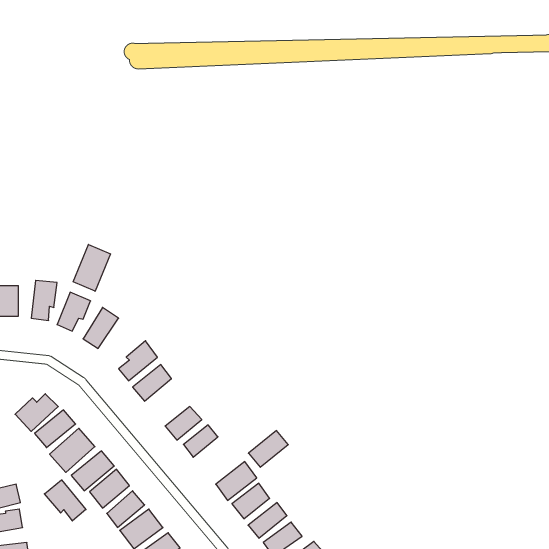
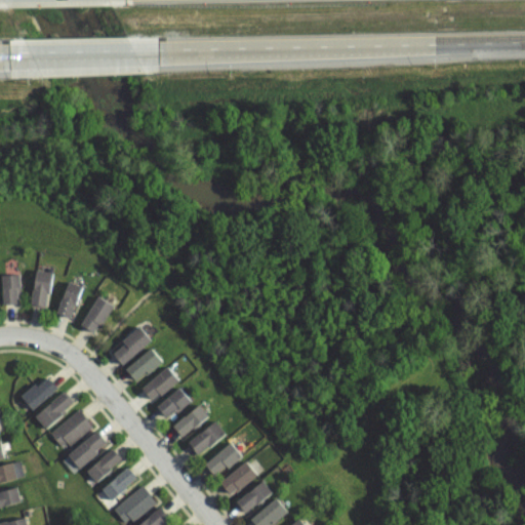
building: [73,244,110,291] -> none
building: none -> [142,366,180,403]
building: [248,431,288,467] -> [189,422,227,457]
building: [44,480,86,521] -> none

